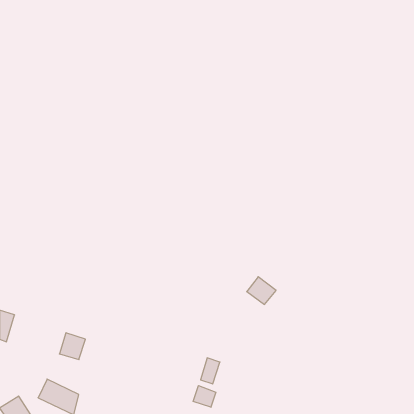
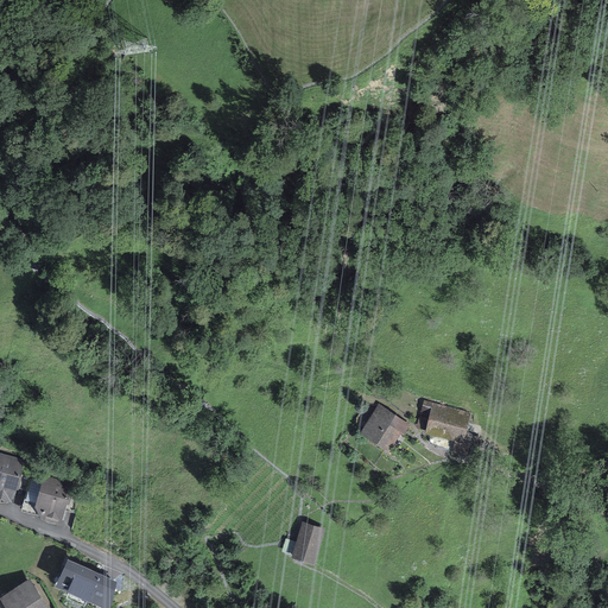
building: none -> [420,403,468,441]
building: [59,333,85,360] -> [32,481,70,520]
building: [193,386,216,407] -> none

